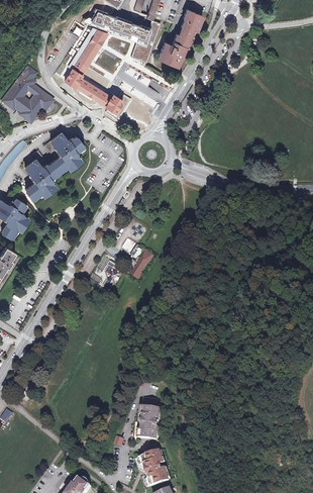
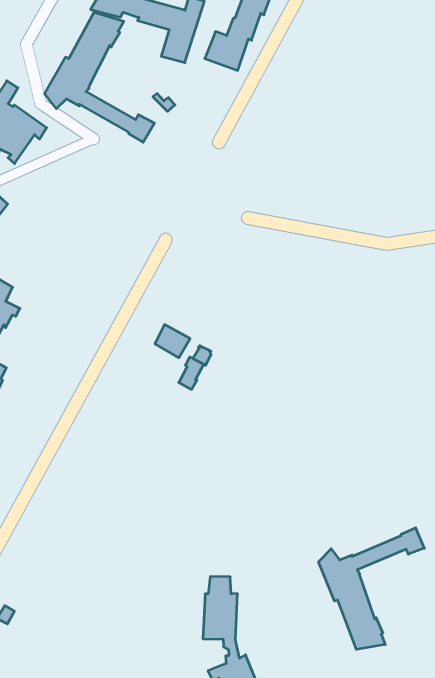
building: [26,135,85,202] -> none
building: none -> [319,528,424,649]

